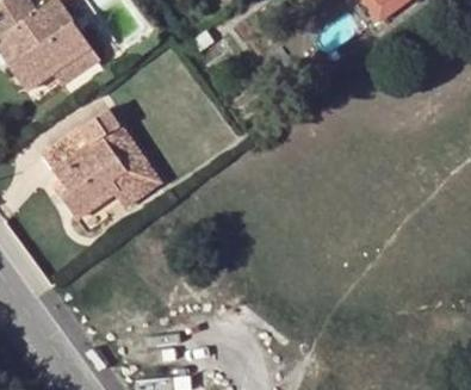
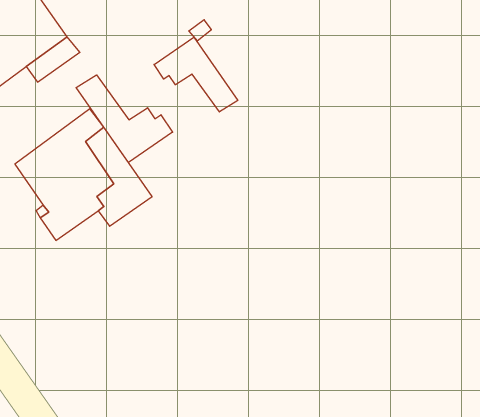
building: none -> [154,37,238,112]
building: none -> [76,75,173,163]

